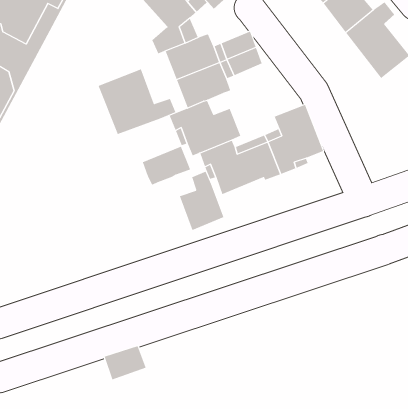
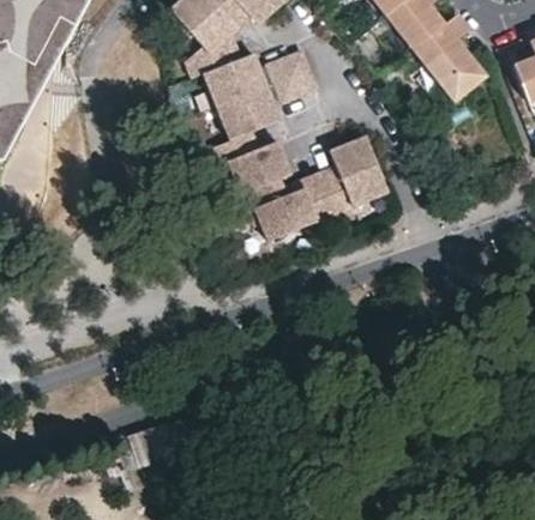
building: [98,69,176,135] -> none
building: [142,146,191,186] -> none
building: [179,171,224,231] -> none

